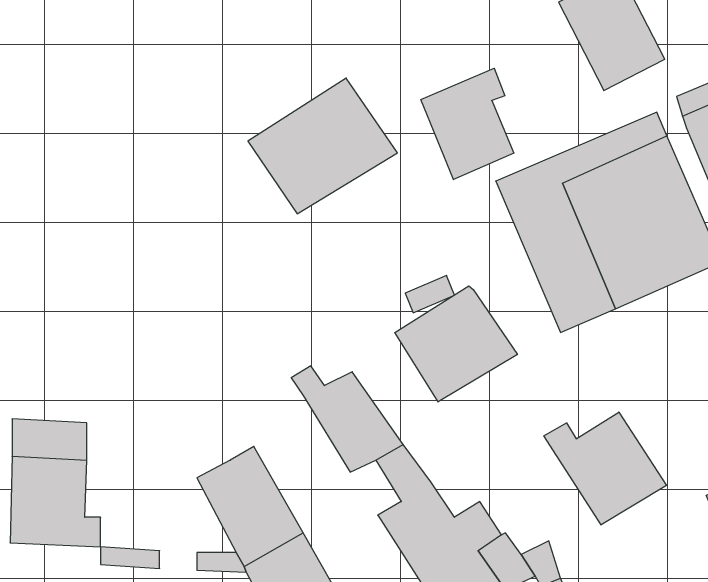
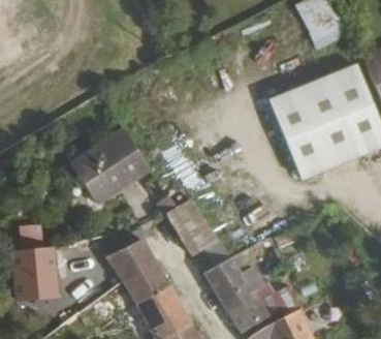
building: [421,68,514,180] -> none
building: [248,78,397,214] -> [76,135,155,207]
building: [395,286,517,402] -> none
building: [544,412,667,525] -> none

